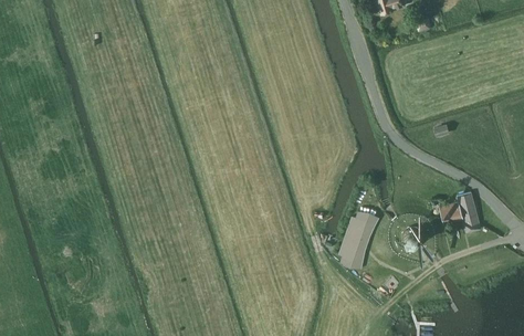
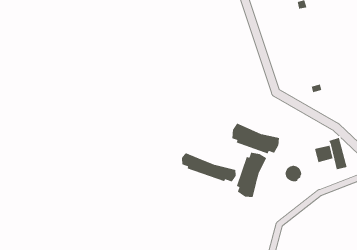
building: none -> [232,122,280,154]
building: none -> [181,152,236,183]

